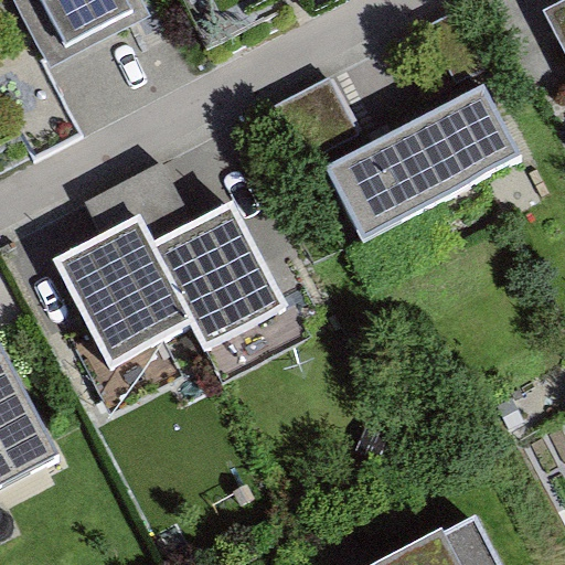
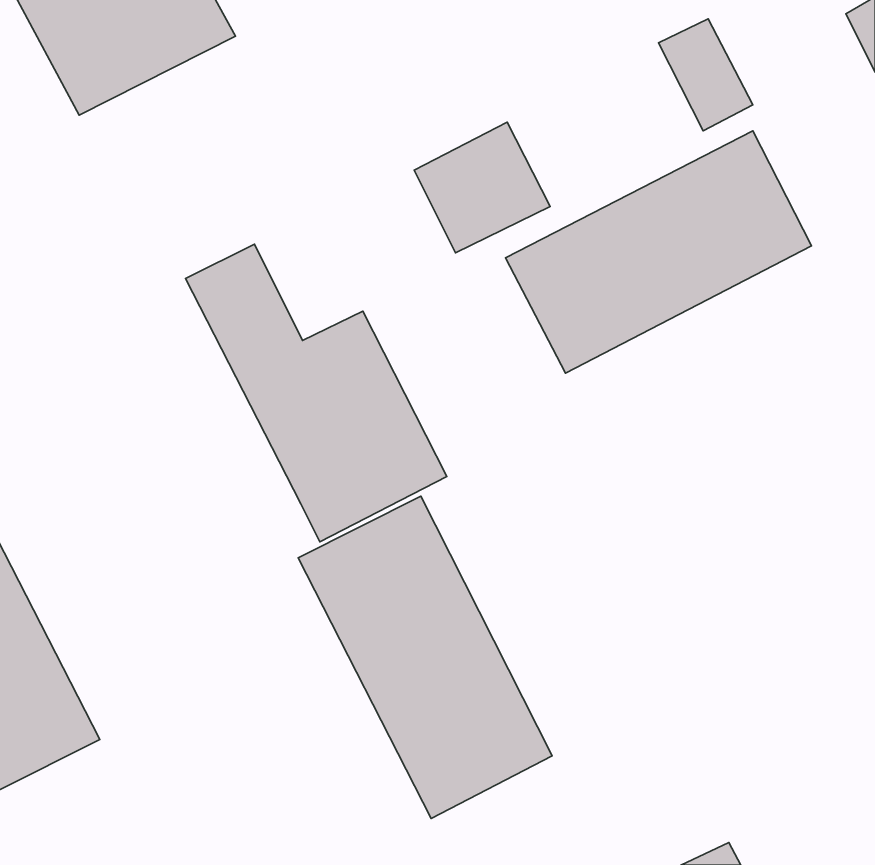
building: [54,179,193,366] -> none
building: none -> [298,496,552,818]

